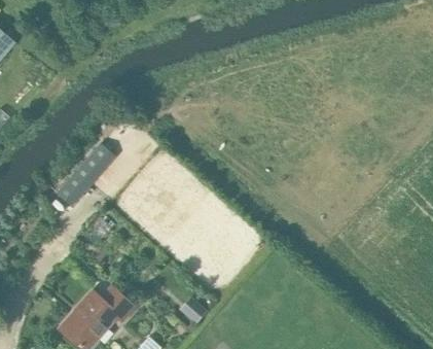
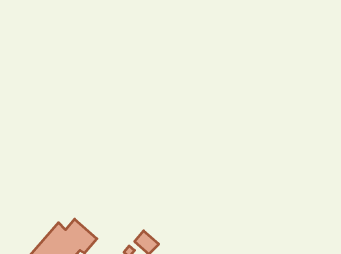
building: [56,142,115,207] -> none

